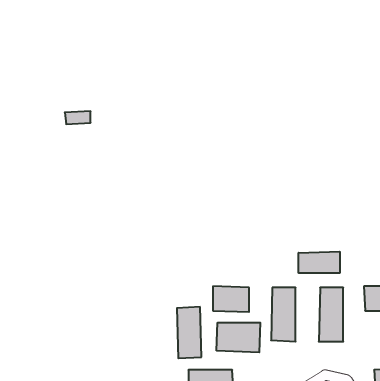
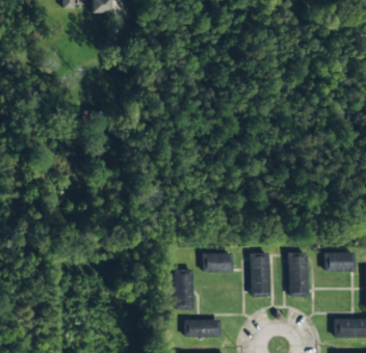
building: [299,252,340,273] -> none
building: [217,323,260,352] -> none

